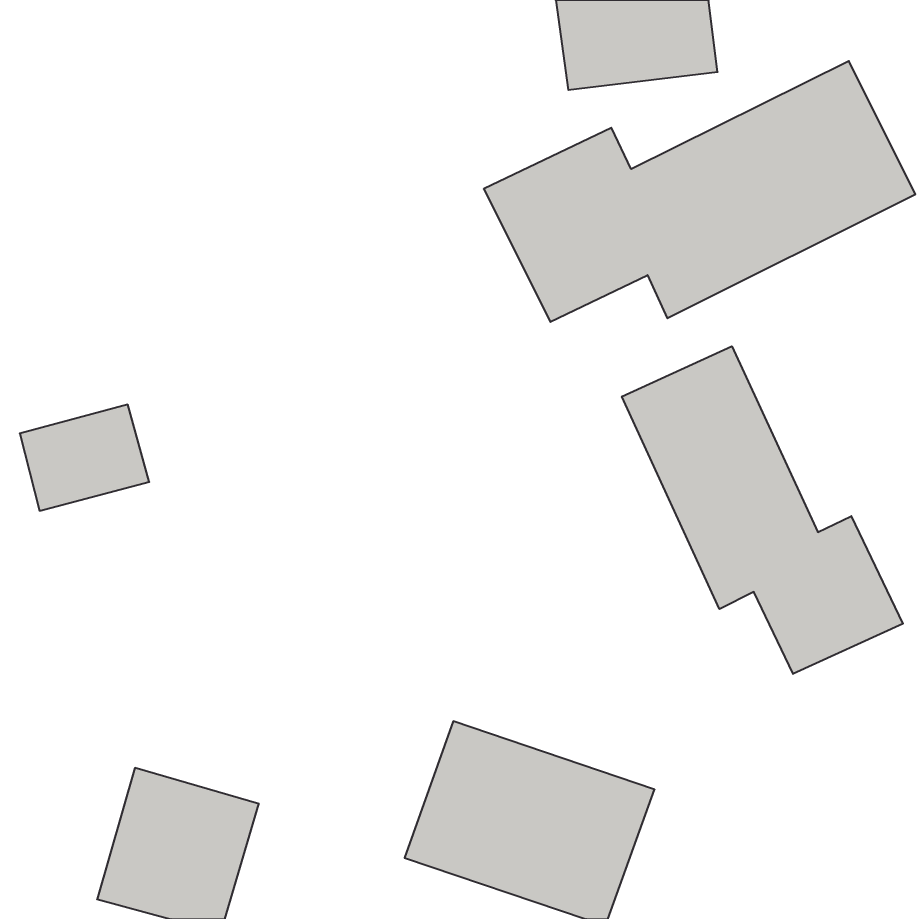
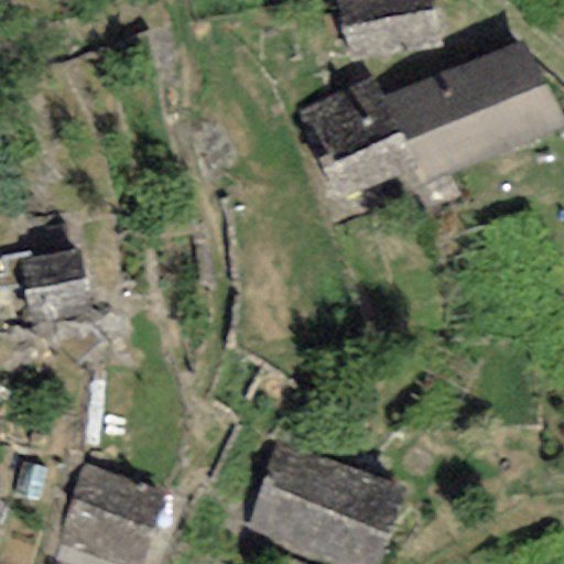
building: [622,346,903,674] -> none

